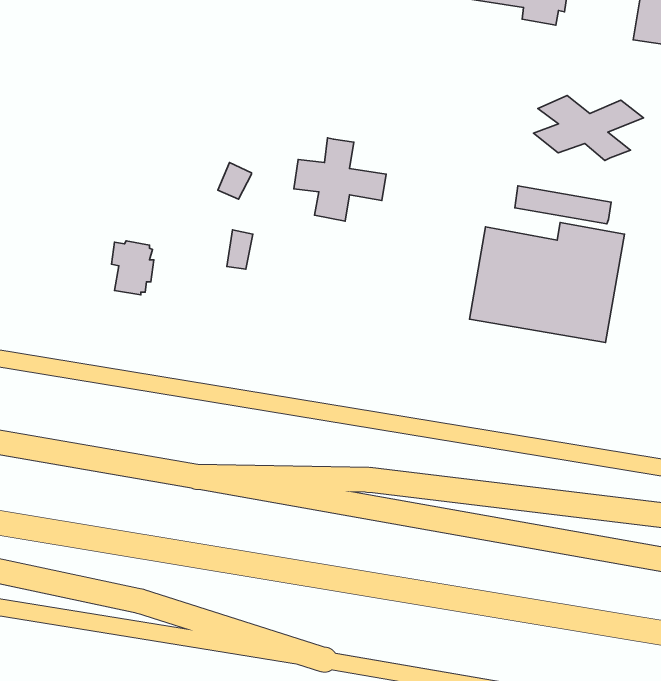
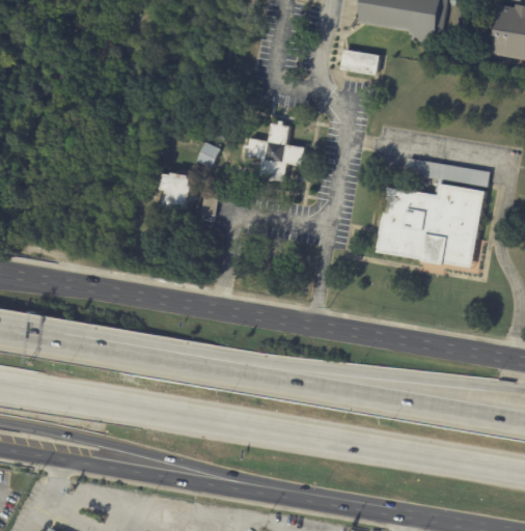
building: none -> [338,49,379,75]
building: [534,96,644,161] -> none
building: [112,241,154,295] -> [162,172,192,211]

